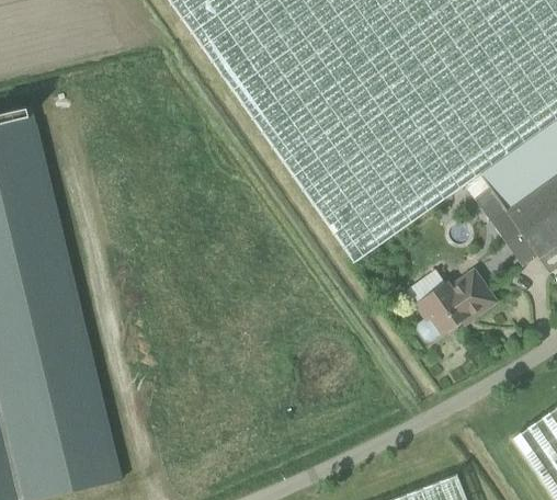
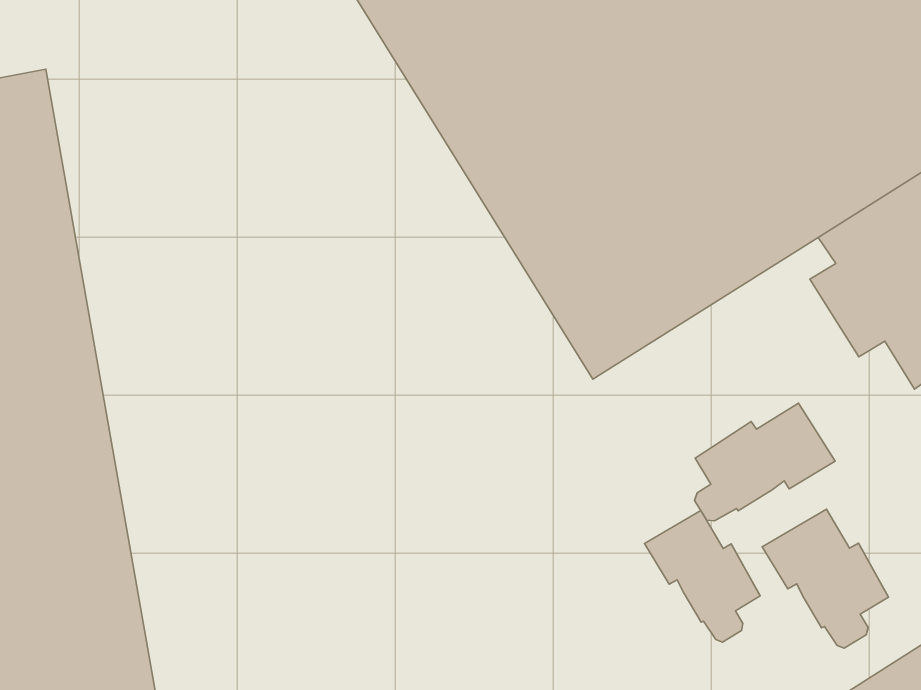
building: none -> [762,509,888,648]
building: none -> [645,511,760,642]

